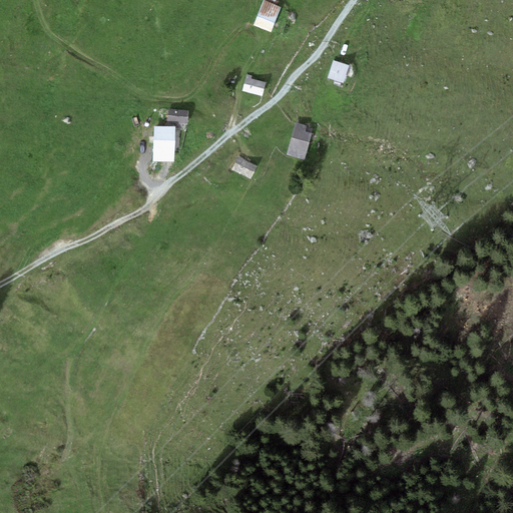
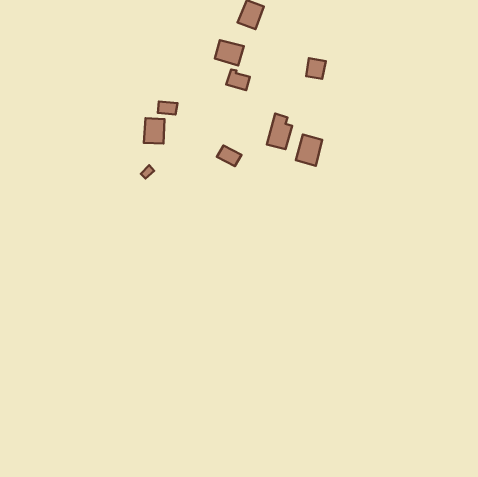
building: none -> [215,40,244,65]
building: none -> [296,135,322,166]

